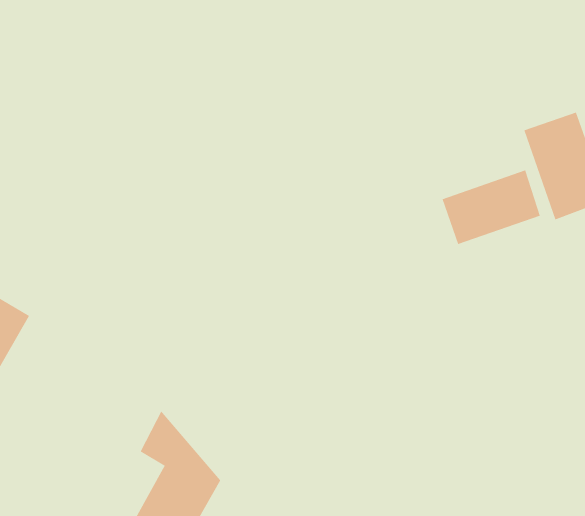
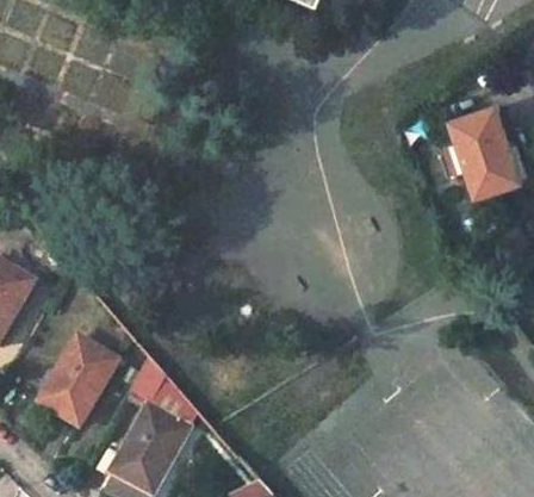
building: [442,169,540,245] -> none
building: none -> [38,333,119,425]

